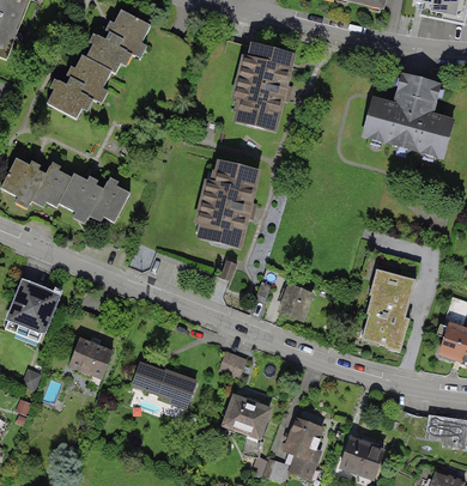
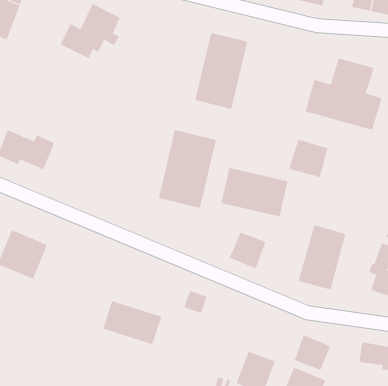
building: [41,57,108,120] -> none
building: none -> [289,139,328,178]
building: [54,174,126,224] -> none
building: none -> [221,167,288,217]
building: [61,335,113,382] -> none
building: [223,391,271,442] -> none
building: none -> [294,334,331,371]

